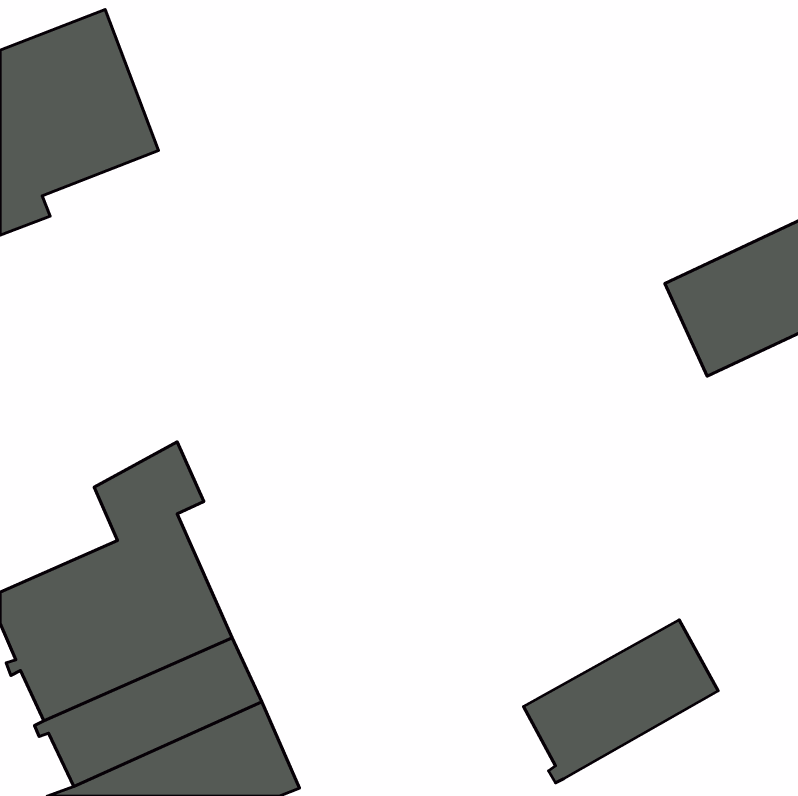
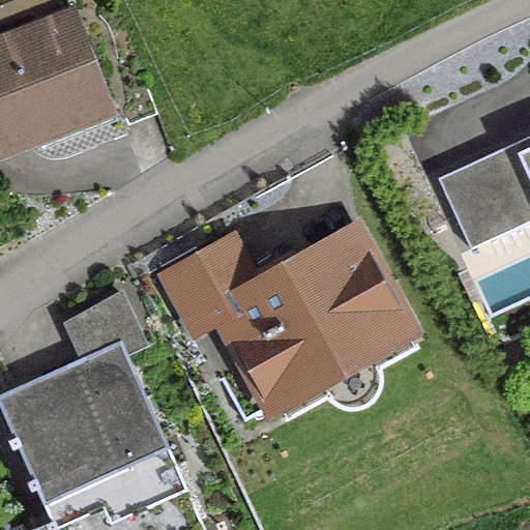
building: none -> [167,232,406,405]
building: [523,620,718,783] -> none

